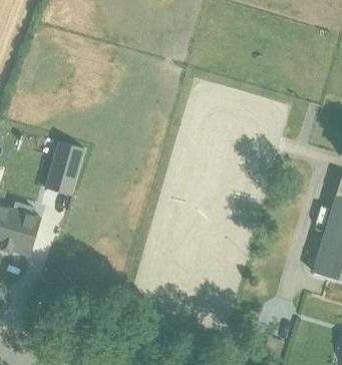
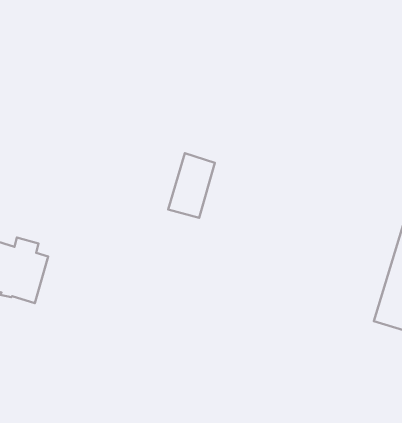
building: [45,140,84,195] -> [168,153,215,218]

